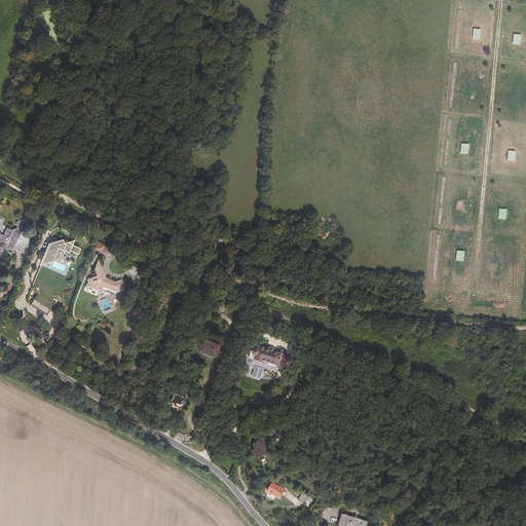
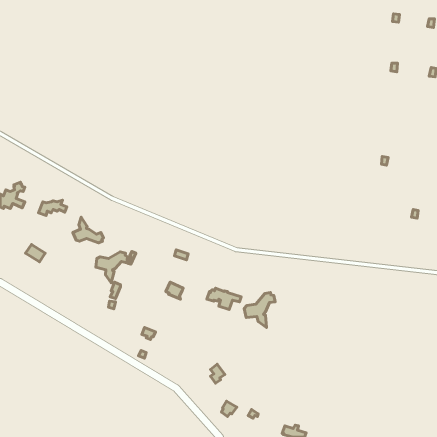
building: none -> [96,252,128,283]
building: none -> [244,293,275,328]

